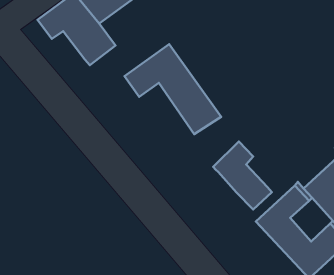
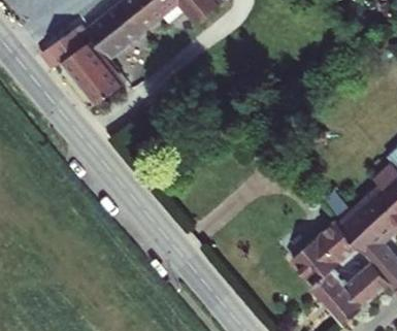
building: [124,44,221,134] -> none
building: [213,142,272,209] -> none

